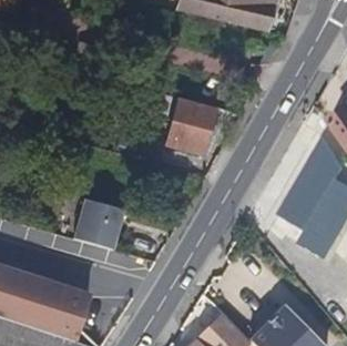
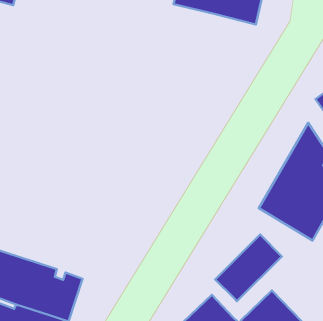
building: [146,90,216,154] -> none
building: [70,200,122,252] -> none
building: none -> [215,234,282,301]

